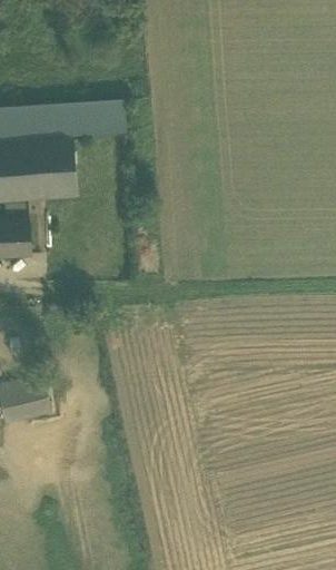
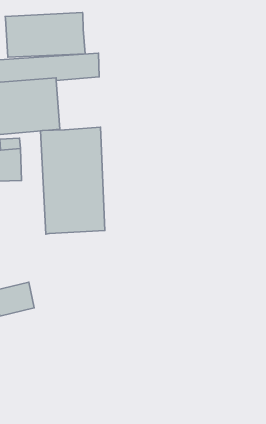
building: none -> [5,12,85,57]
building: none -> [41,127,105,234]

